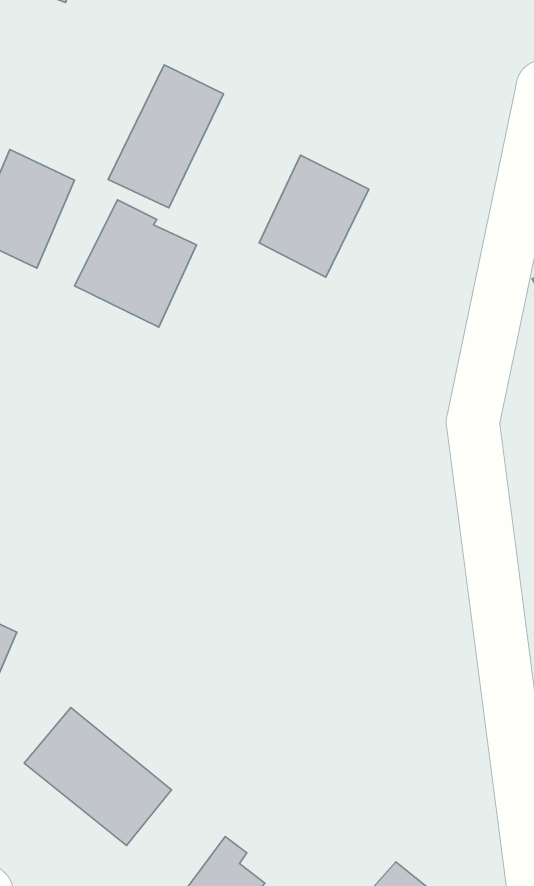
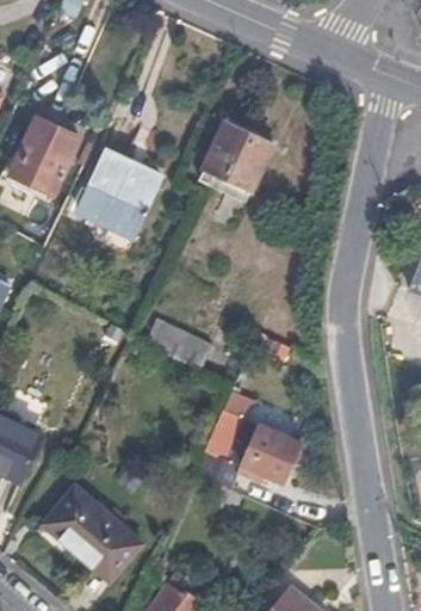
building: [108,65,223,208] -> none
building: none -> [142,316,210,369]
building: none -> [196,406,301,486]

